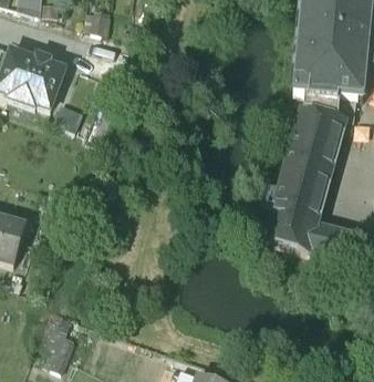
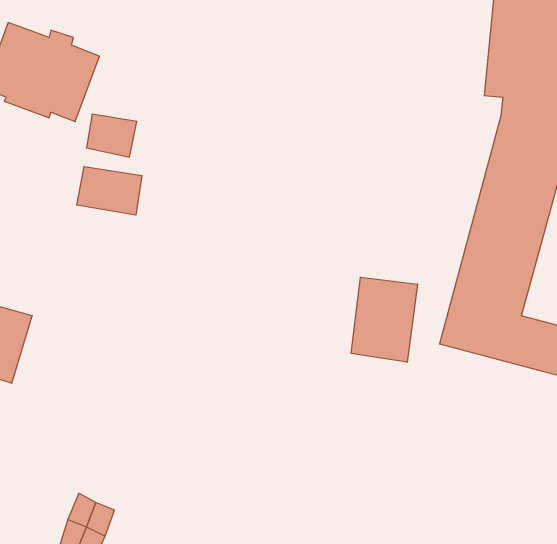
building: none -> [77,166,142,215]
building: none -> [351,277,418,362]

